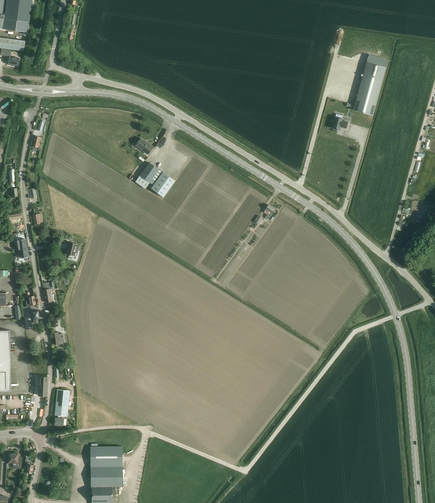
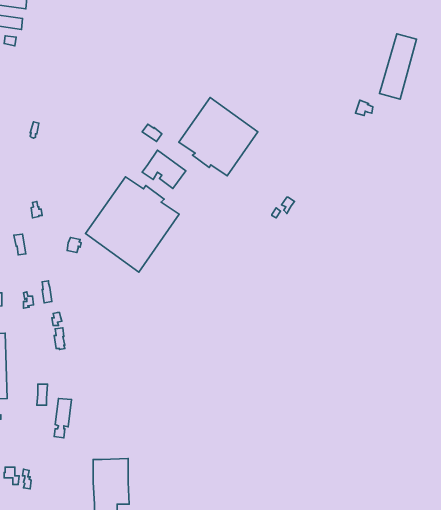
building: none -> [179,97,258,176]
building: none -> [86,177,179,272]

